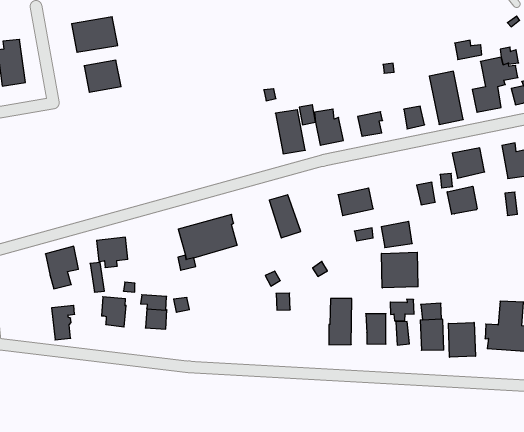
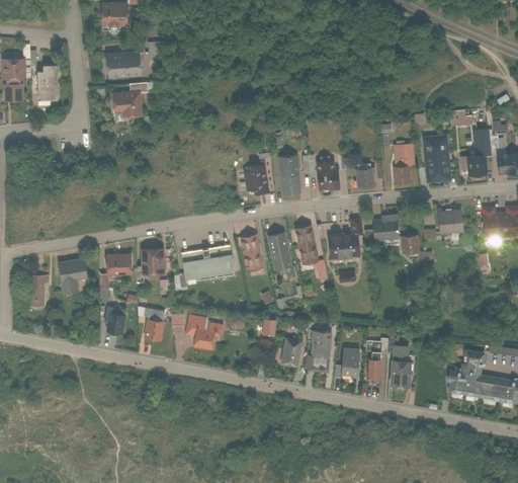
building: none -> [395,143,417,165]
building: none -> [242,162,271,193]
building: none -> [293,223,319,261]
building: [447,186,477,214] -> none
building: none -> [239,232,263,269]
building: [381,221,412,248] -> [371,216,398,237]
building: none -> [139,247,163,272]
building: [382,252,418,288] -> none
building: none -> [185,314,223,349]
building: [52,305,75,340] -> [28,277,49,307]
building: none -> [280,336,303,365]
building: [448,322,475,357] -> none

